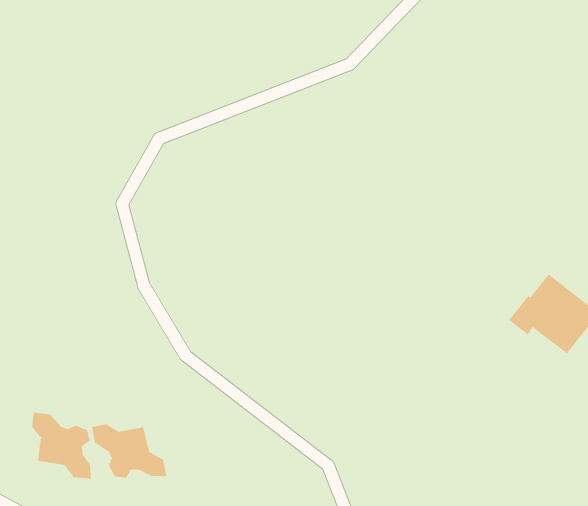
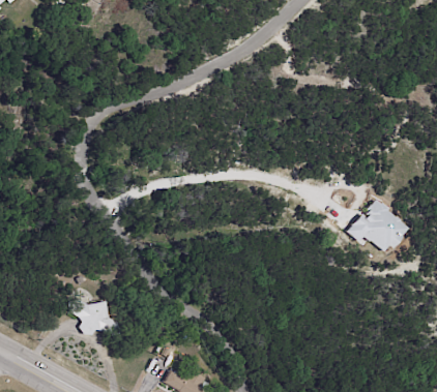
building: [32,412,92,479] -> none

